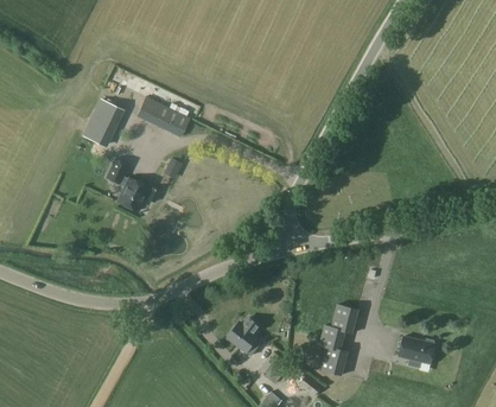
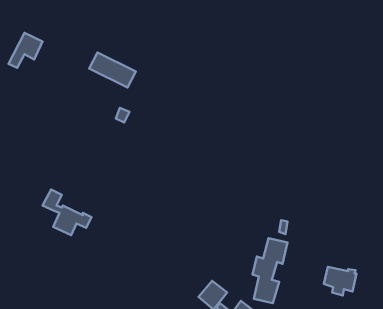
building: [83,101,121,140] -> [9,33,43,68]
building: [106,160,160,211] -> [43,190,91,235]
building: [229,318,260,352] -> none

